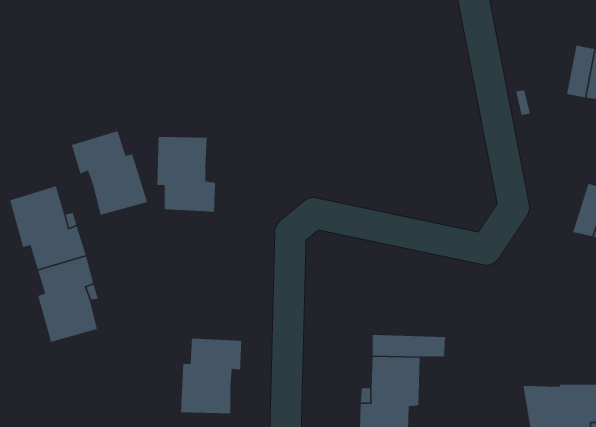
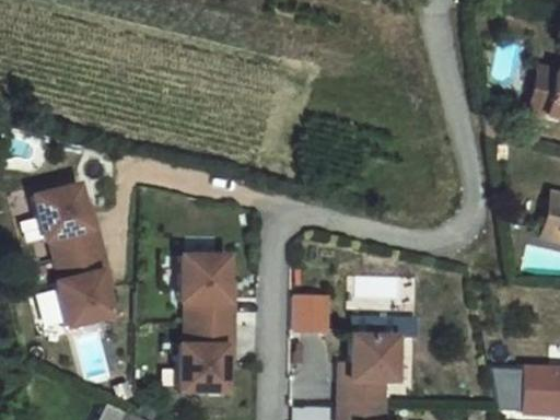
building: [71,130,148,216] -> none
building: [156,136,216,212] -> [186,257,240,326]
building: none -> [298,298,331,334]

